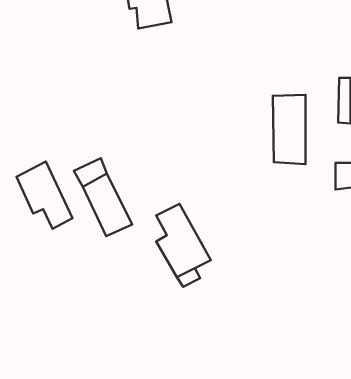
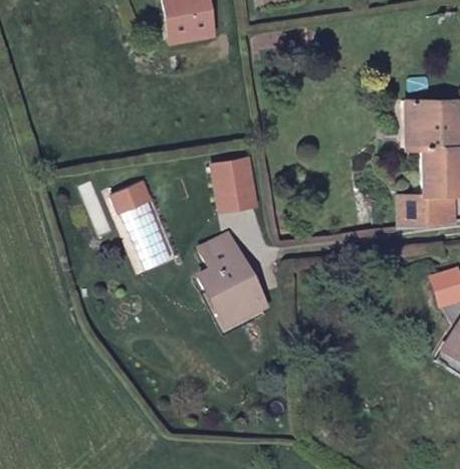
building: [273,95,305,164] -> none
building: none -> [214,160,257,207]
building: [17,161,72,229] -> none

